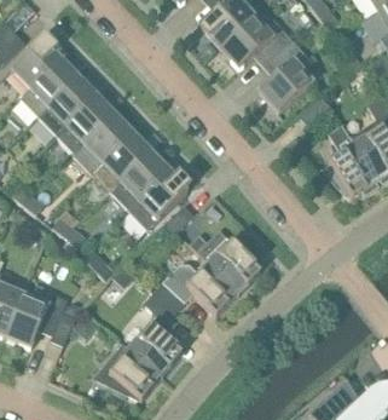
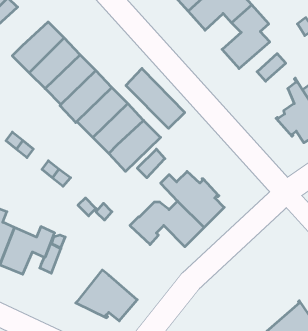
building: [12,39,60,86] -> none
building: none -> [126,68,185,128]
building: [129,290,183,375] -> none

